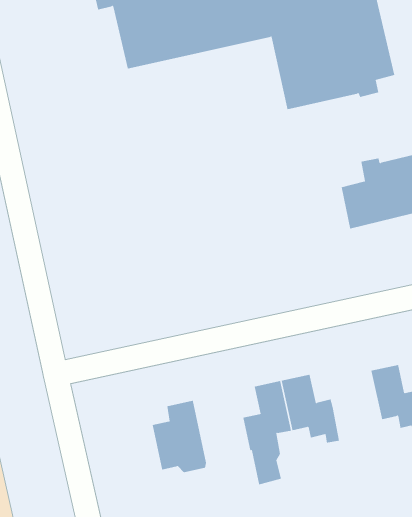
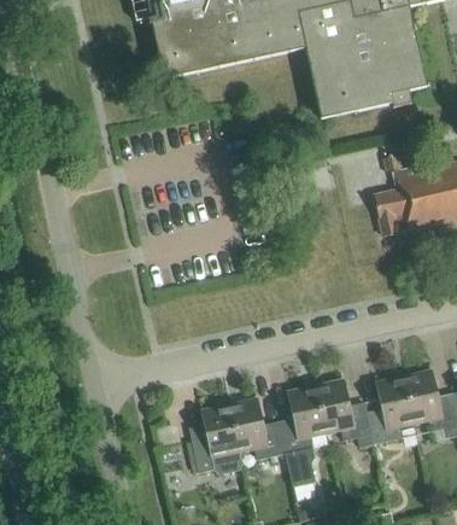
building: none -> [367,374,414,443]
building: none -> [229,397,285,465]

